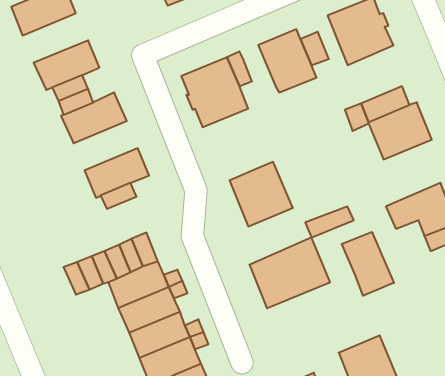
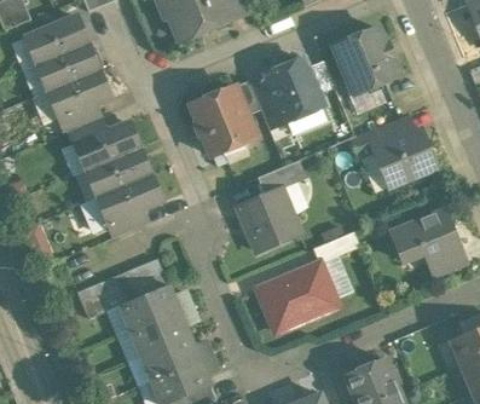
building: none -> [35,45,99,93]
building: none -> [250,82,282,123]
building: none -> [85,150,148,198]
building: none -> [256,161,305,196]
building: [342,232,394,296] -> none

